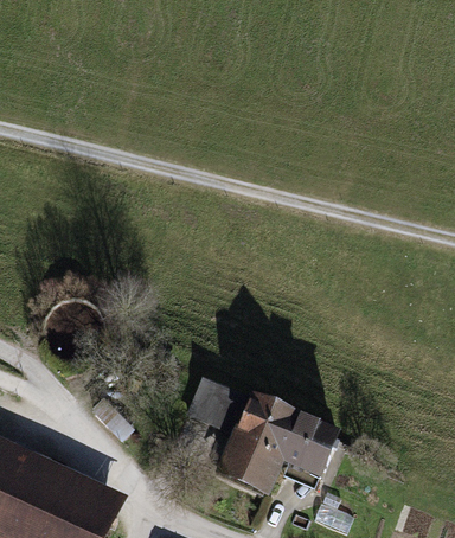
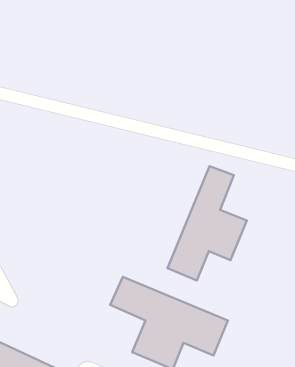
building: none -> [167,166,247,280]

